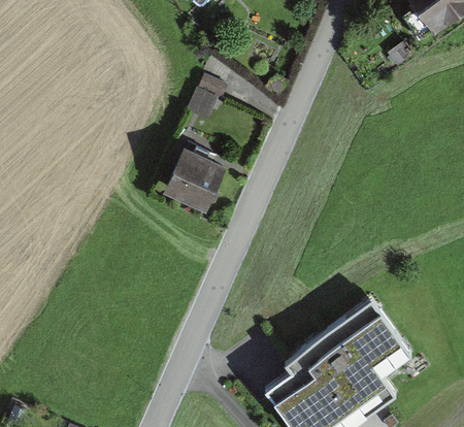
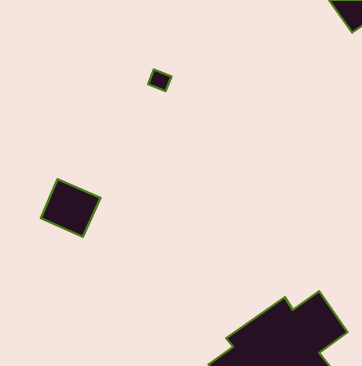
building: [156,150,219,210] -> [41,179,101,237]

